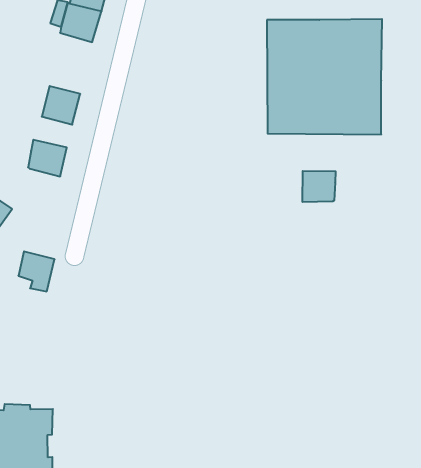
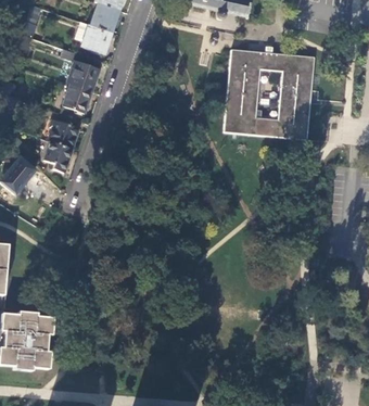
building: none -> [60,49,100,91]
building: [303,171,336,202] -> none
building: [18,251,55,291] -> [44,142,72,173]

